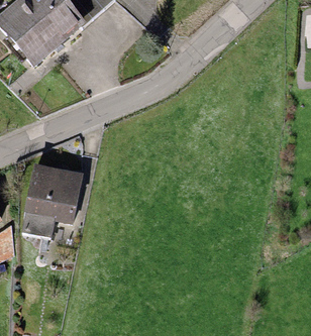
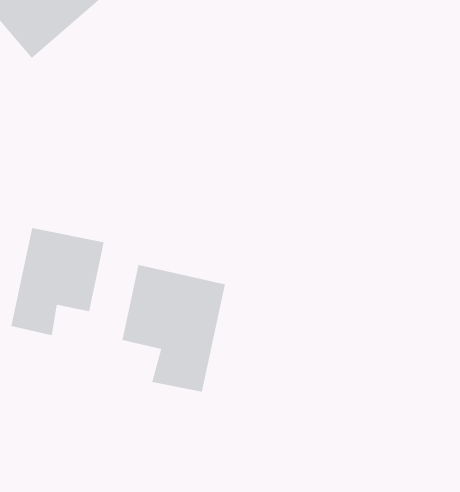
building: none -> [122,264,225,392]

